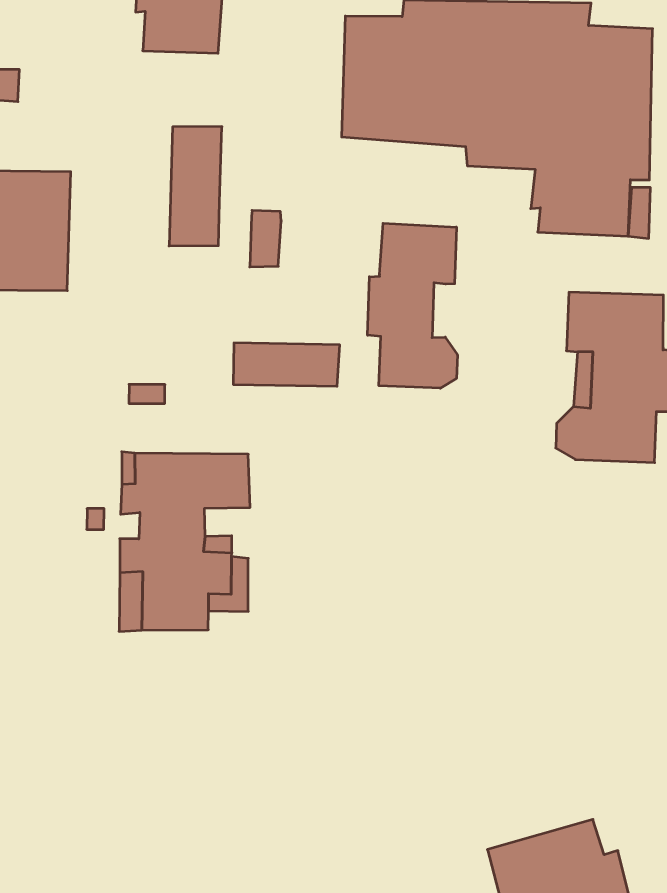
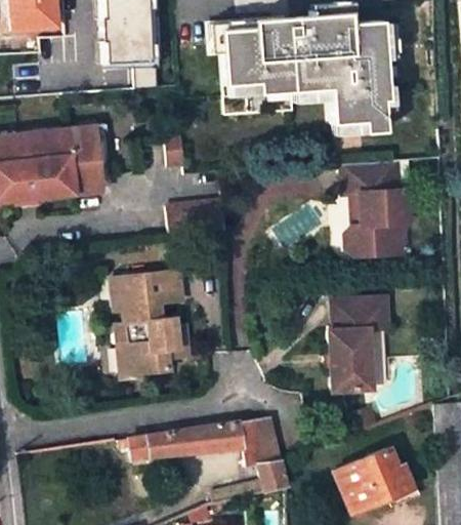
building: [169,127,222,246] -> [71,126,102,194]
building: [368,223,457,388] -> none
building: none -> [333,298,393,394]
building: none -> [132,417,288,503]

